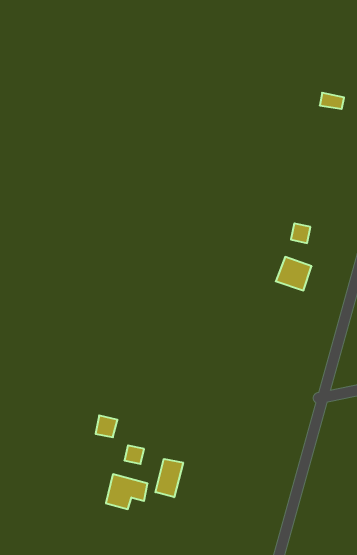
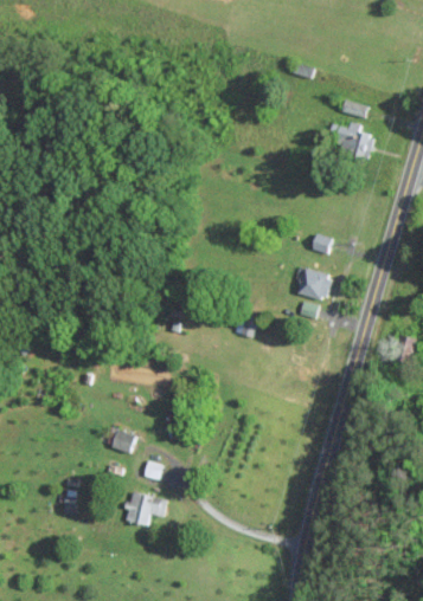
building: none -> [332,122,373,160]
building: [155,459,183,497] -> none

